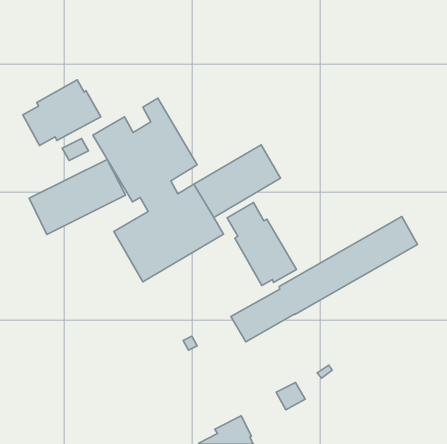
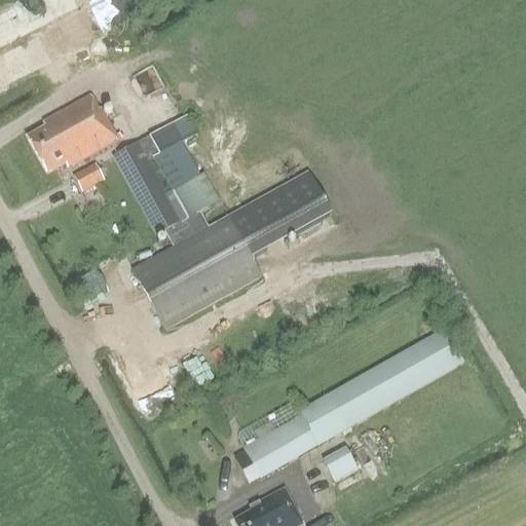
building: [29,160,125,235] -> none
building: [227,202,296,286] -> none
building: [231,216,417,342] -> [243,328,462,475]

